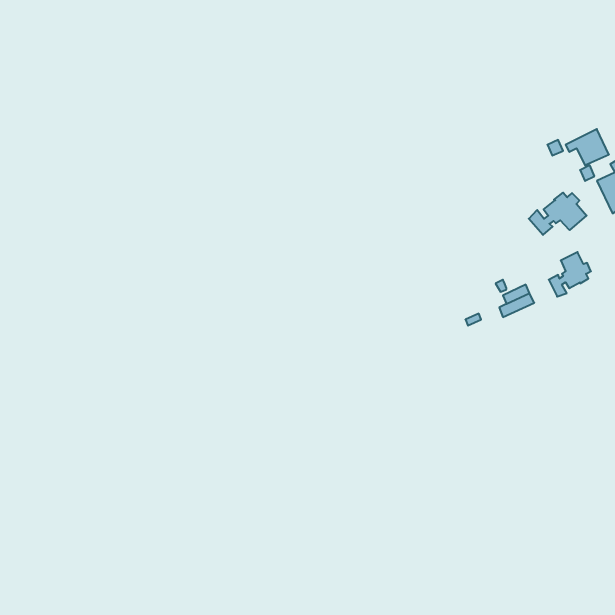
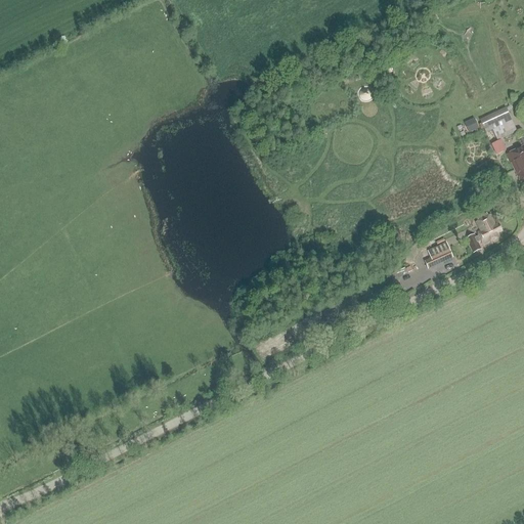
building: [529,193,587,235] -> none

